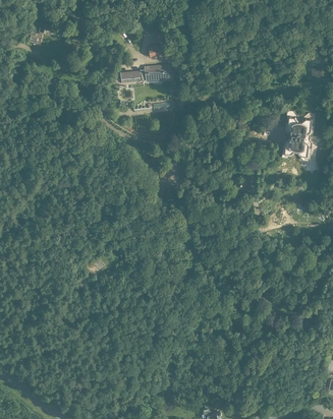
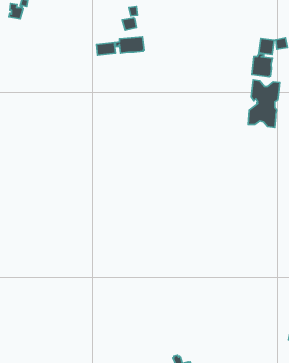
building: none -> [252,39,274,77]

